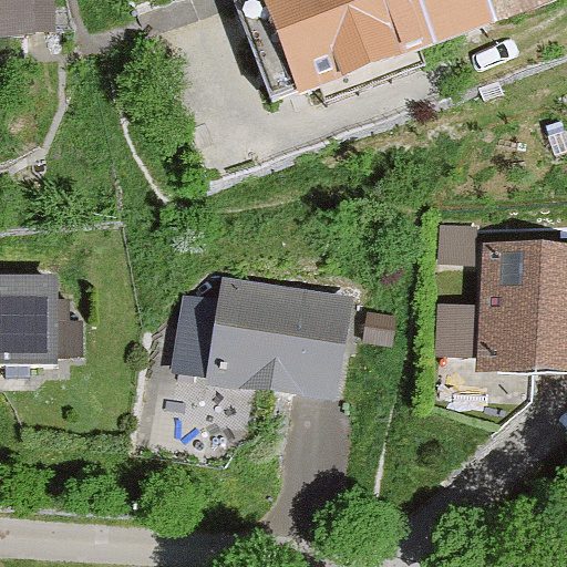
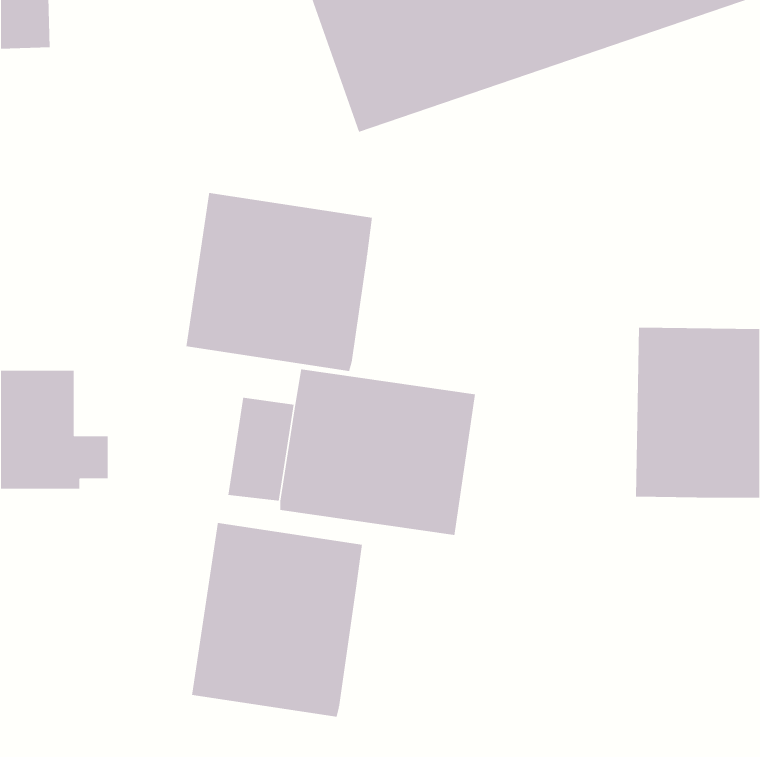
building: none -> [186,192,373,372]
building: none -> [192,522,363,718]

